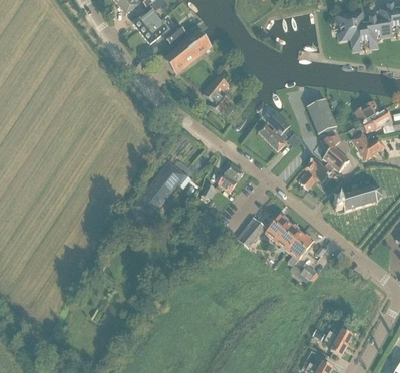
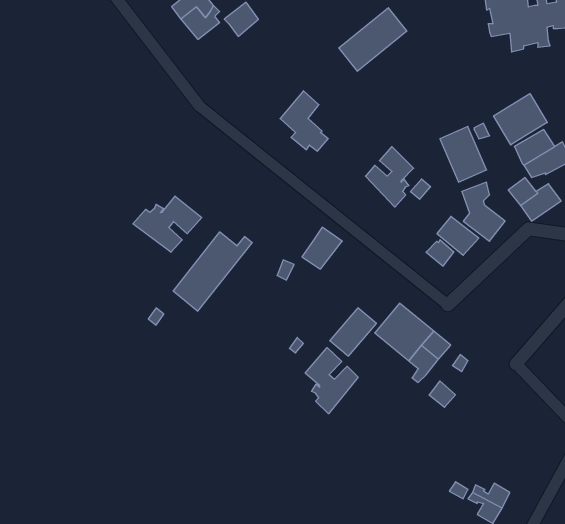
building: [164,30,209,71] -> [339,8,407,71]
building: none -> [494,94,547,145]
building: none -> [133,196,202,252]
building: [332,185,382,212] -> none
building: none -> [305,348,358,414]

